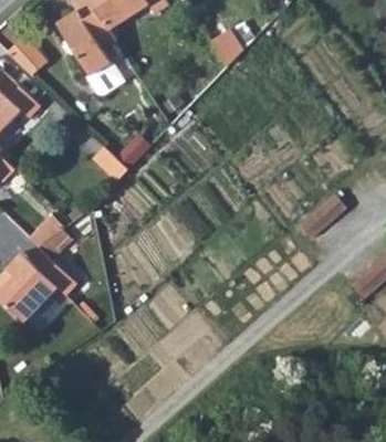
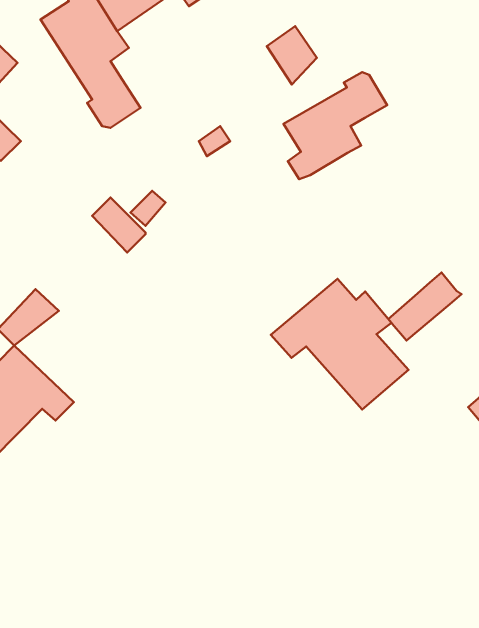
building: none -> [284,72,387,179]
building: none -> [271,279,408,409]

